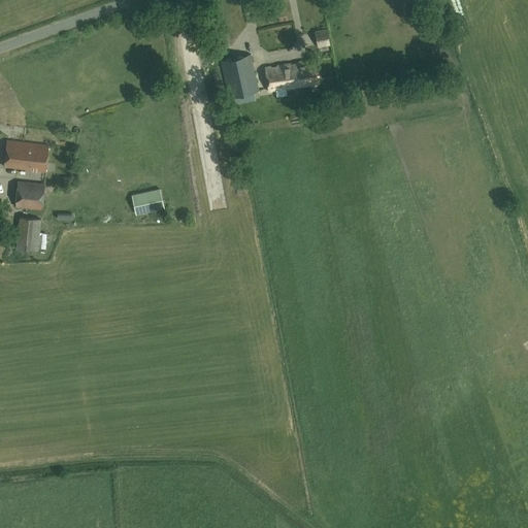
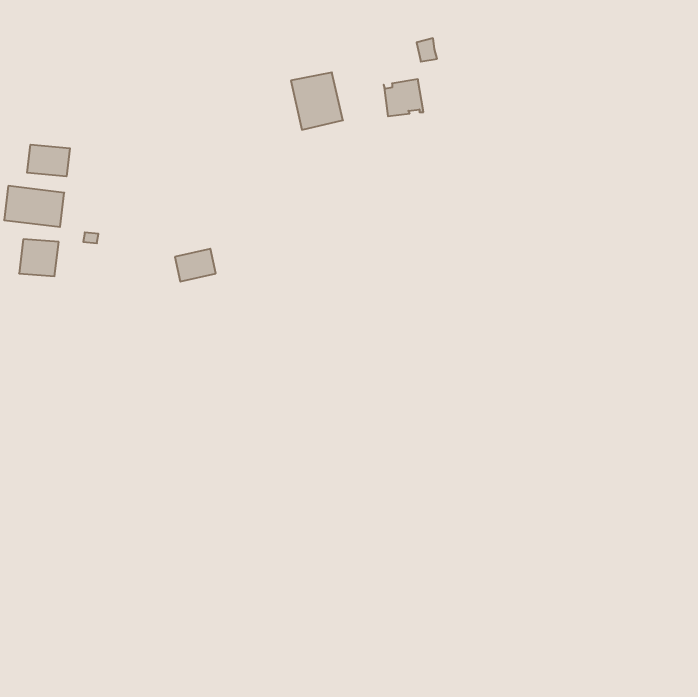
building: [264,65,293,93] -> none
building: none -> [27,145,70,176]
building: [15,218,40,251] -> none

